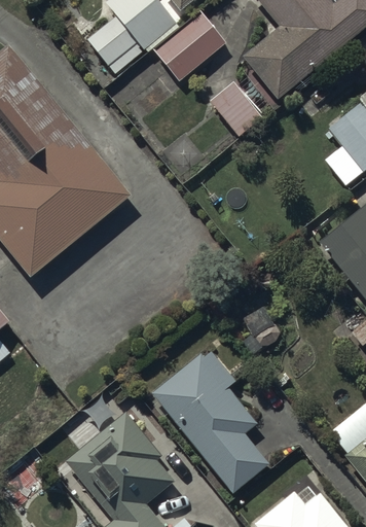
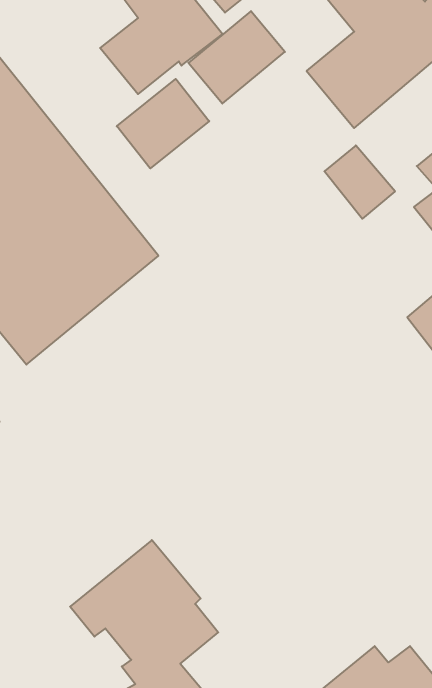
building: none -> [117,79,209,168]
building: [210,81,263,137] -> [324,145,395,219]
building: [152,351,270,494] -> none

